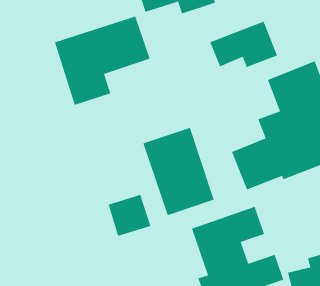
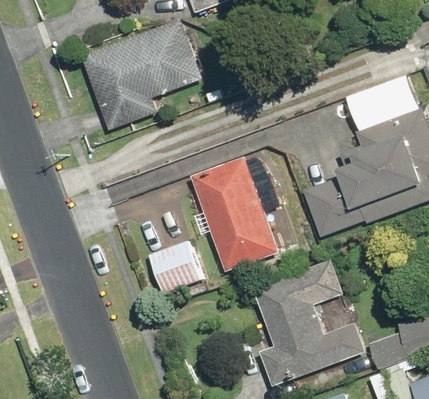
building: [209,21,278,68] -> none

